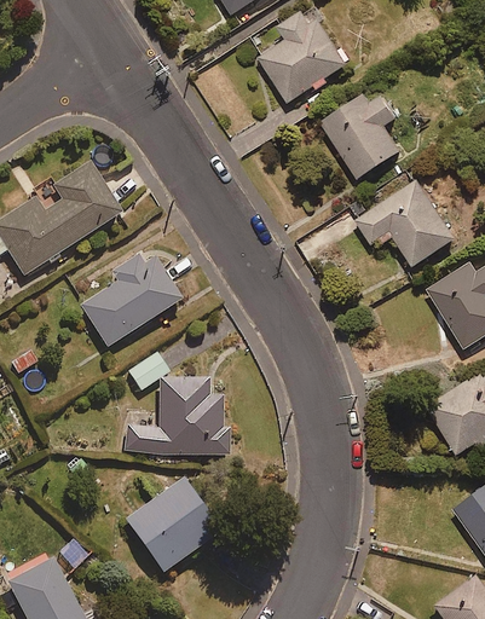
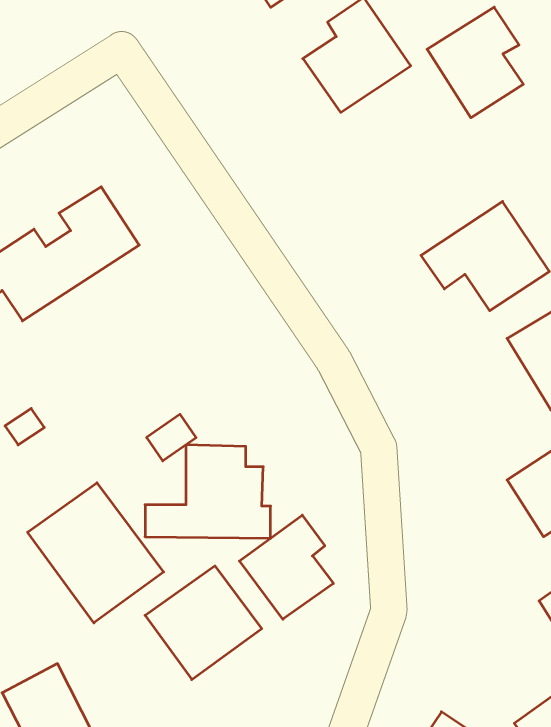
building: [318,86,398,178] -> [427,7,523,118]
building: [81,245,181,347] -> none
building: none -> [28,483,164,623]
building: none -> [239,515,333,619]

